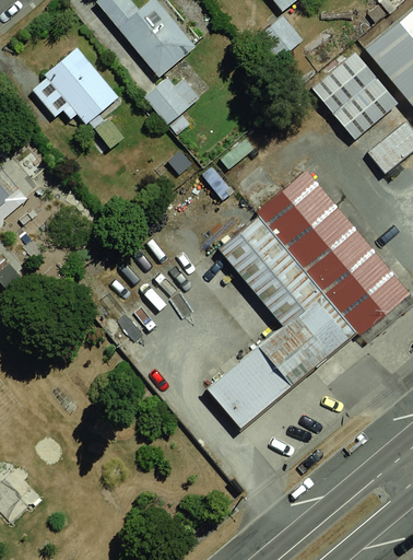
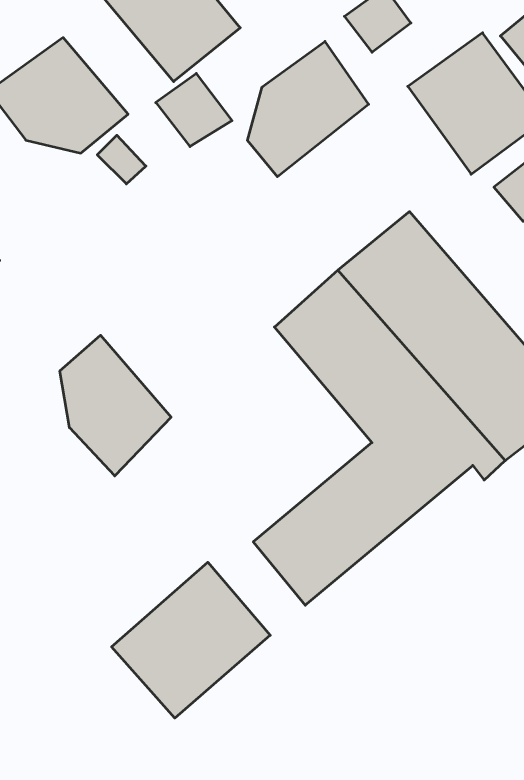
building: none -> [247,41,369,177]
building: none -> [60,335,171,476]
building: none -> [112,562,270,718]

